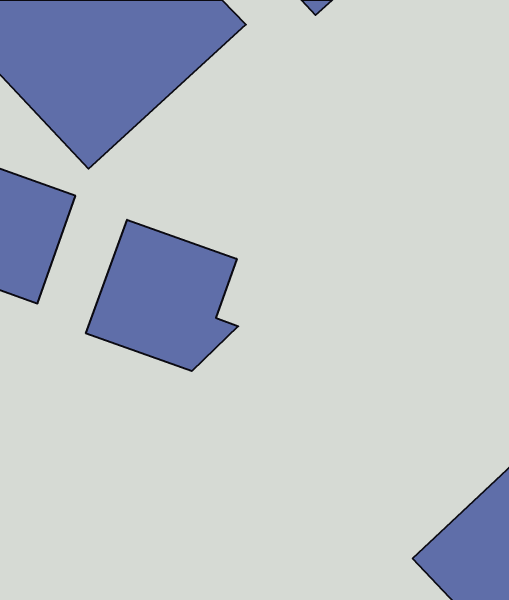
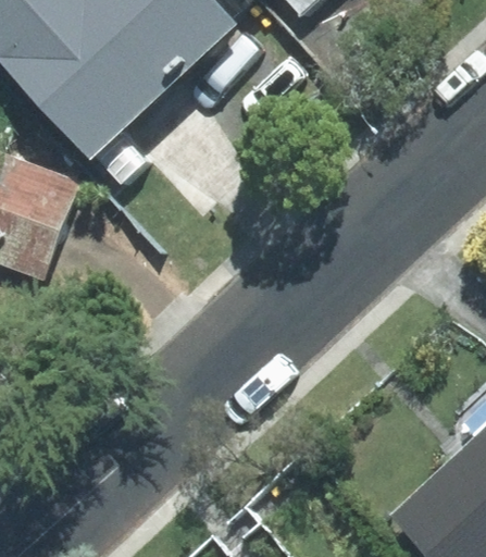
building: [86,220,238,371] -> none

